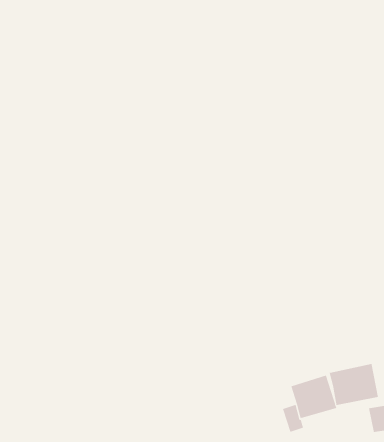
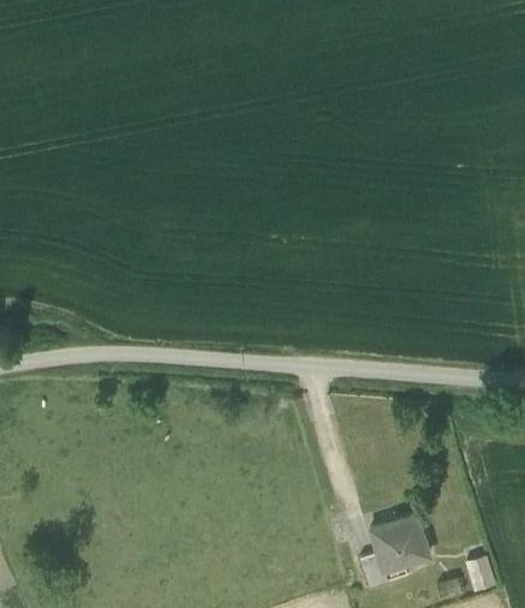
building: [329,363,378,406] -> none

